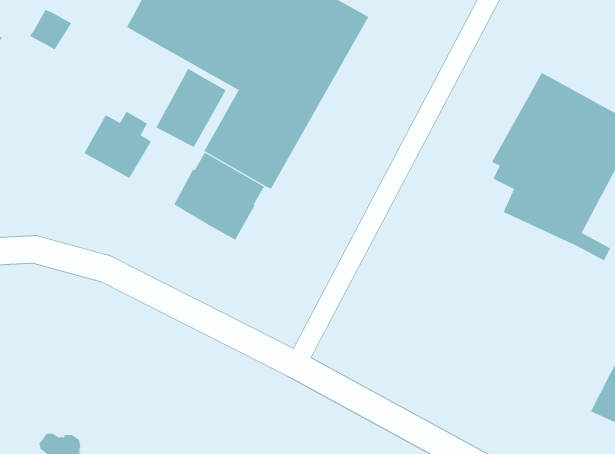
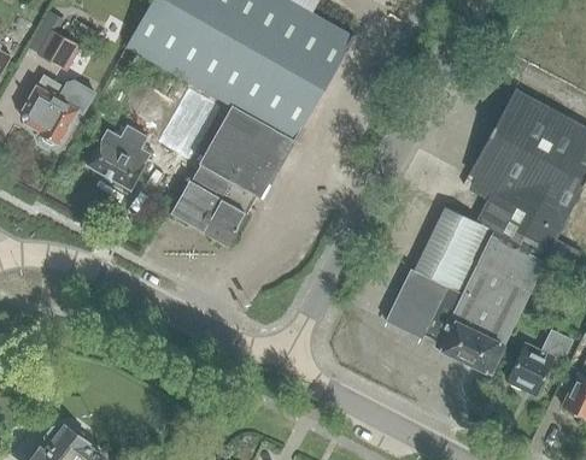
building: none -> [22,75,95,145]
building: none -> [385,206,547,372]
building: none -> [505,331,572,396]

